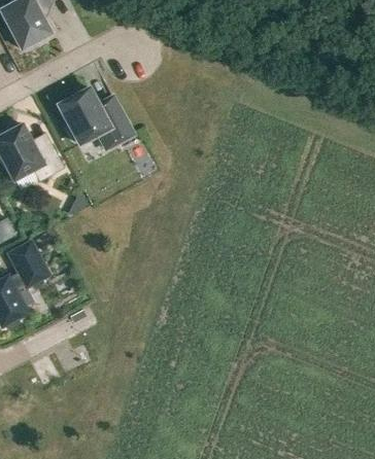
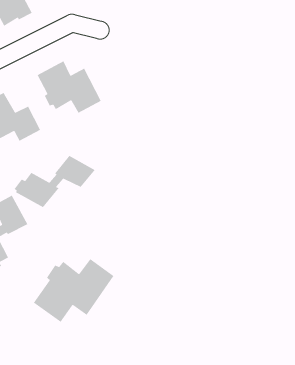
building: none -> [14,155,96,208]
building: none -> [33,258,115,323]

